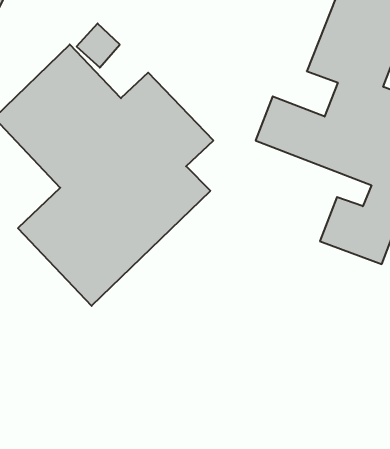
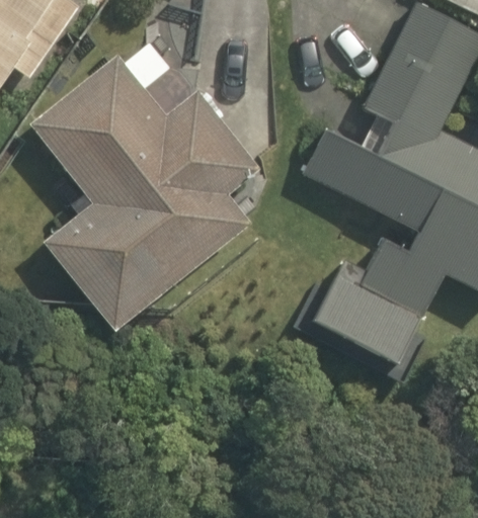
building: none -> [306,272,422,369]

